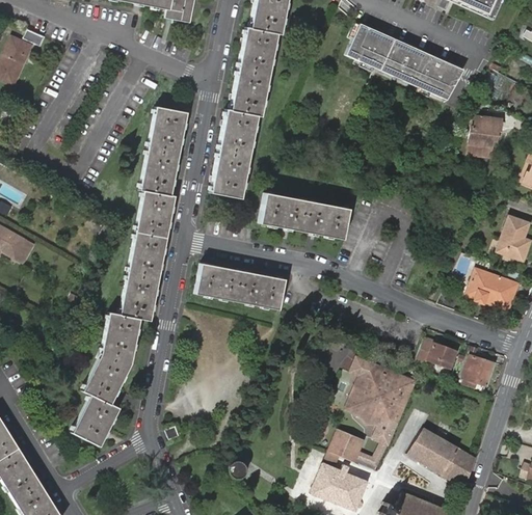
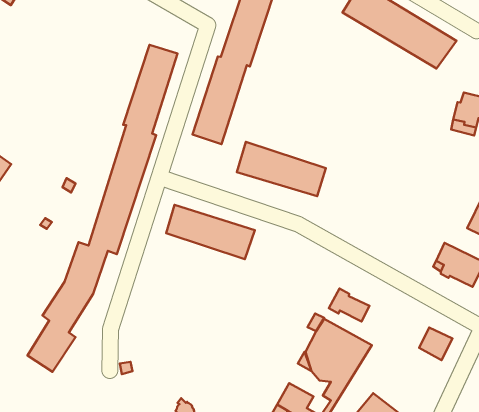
building: [417,337,457,368] -> [329,289,370,321]

